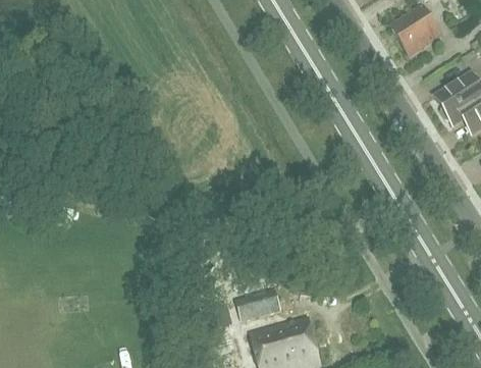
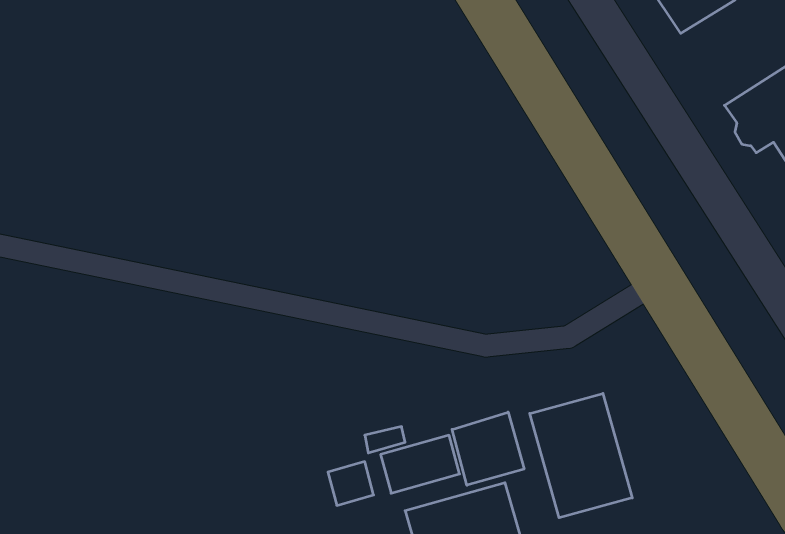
building: none -> [530,393,632,518]
building: none -> [452,412,524,485]

